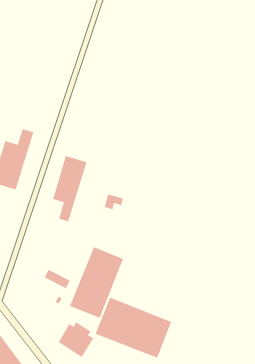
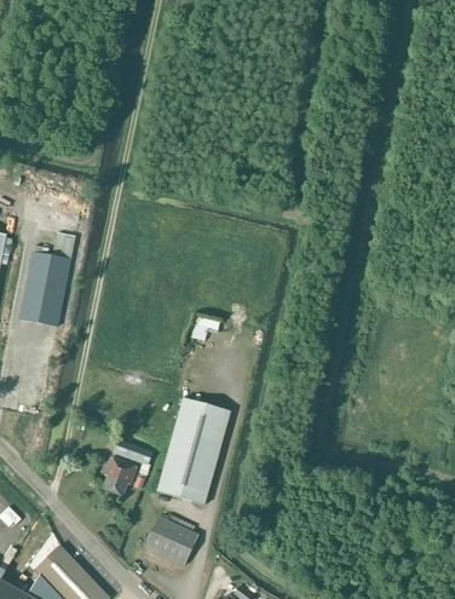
building: [53,155,87,222] -> none
building: none -> [102,459,136,497]
building: [95,297,172,358] -> none

